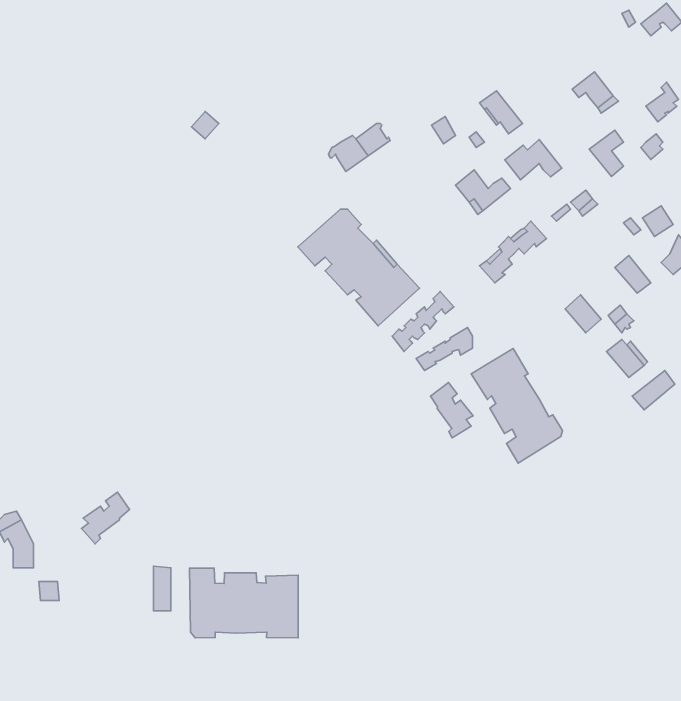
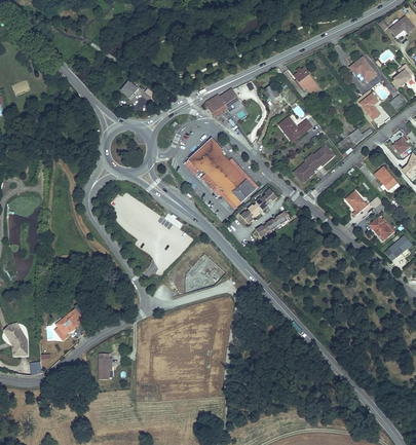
building: [505,139,562,180] -> none
building: [471,349,562,463] -> none
building: [431,383,473,438] -> none
building: [190,568,298,638] -> none

